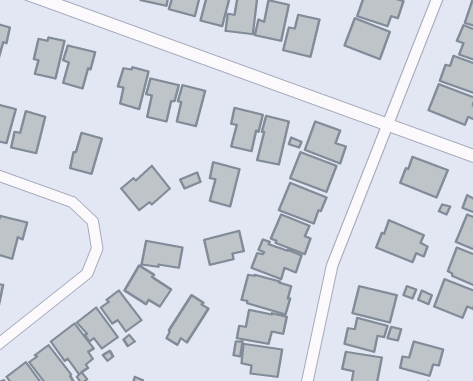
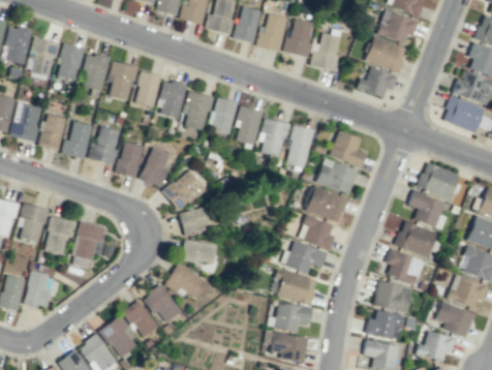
building: none -> [57,43,85,81]
building: none -> [356,67,397,98]
building: none -> [134,71,160,107]
building: none -> [88,125,119,164]
building: none -> [137,148,170,187]
building: [210,162,239,206] -> [237,105,264,146]
building: none -> [407,190,447,230]
building: none -> [71,221,104,269]
building: [204,231,244,265] -> [179,205,215,236]
building: none -> [385,248,424,285]
building: [166,295,208,345] -> none
building: none -> [434,301,474,338]

